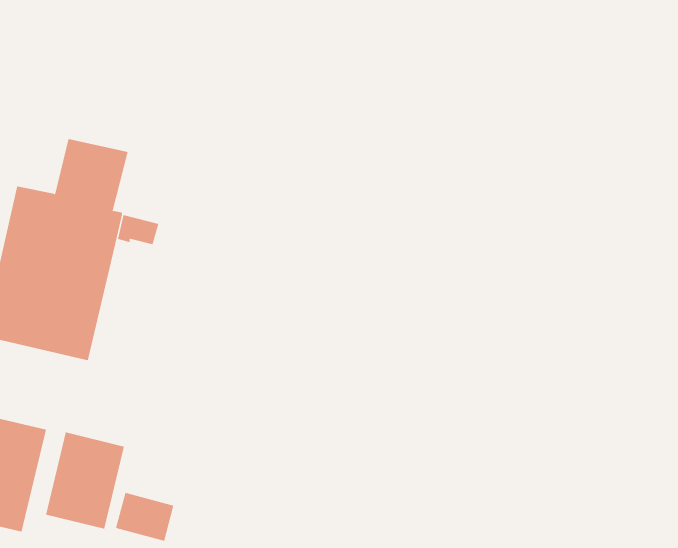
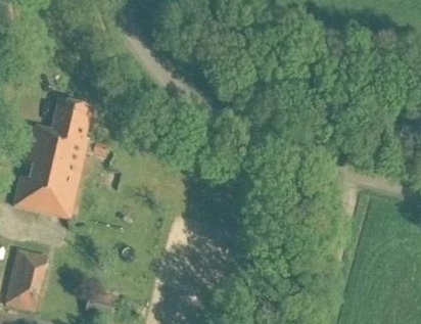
building: [45,431,125,530] -> none

